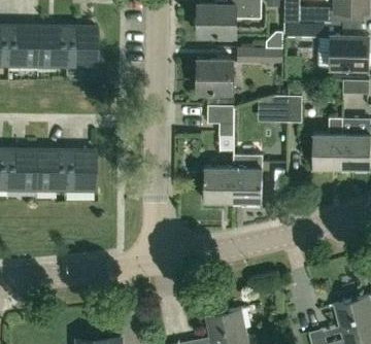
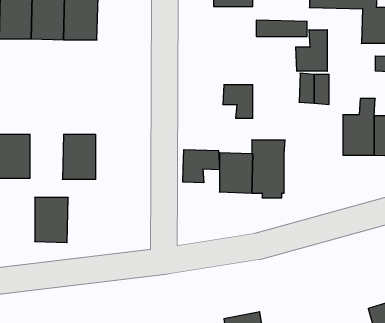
building: none -> [296,30,327,71]
building: [197,59,232,92] -> none
building: [34,149,64,190] -> [35,198,68,243]
building: none -> [183,150,219,183]

